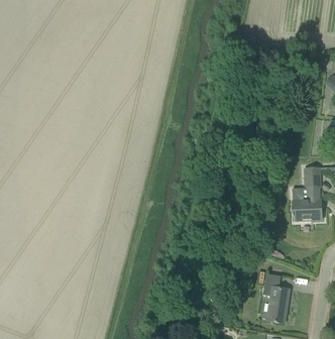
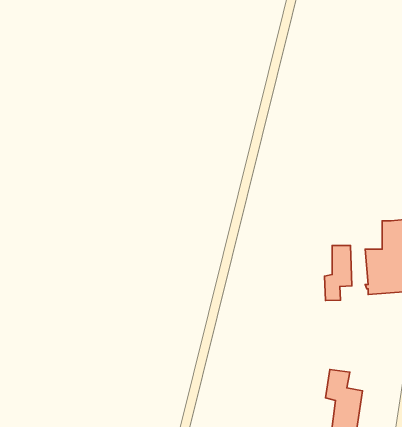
building: none -> [325,245,352,300]

